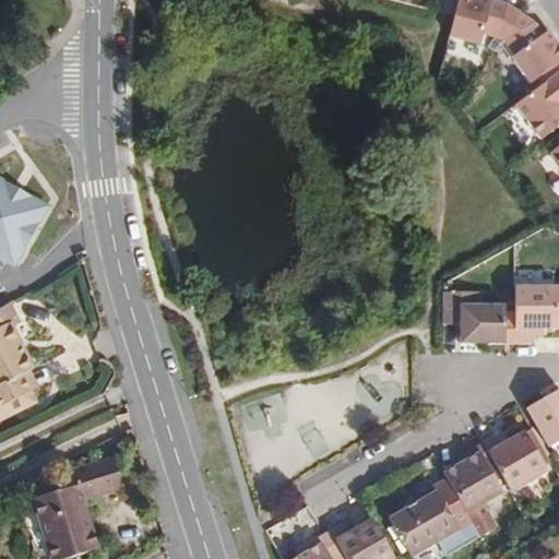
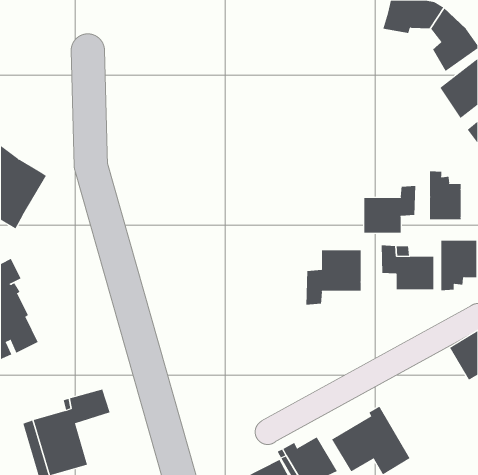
building: none -> [430,170,461,220]
building: none -> [364,185,416,233]
building: none -> [306,249,361,305]
building: [485,432,548,492] -> none
building: [439,444,496,539] -> none

